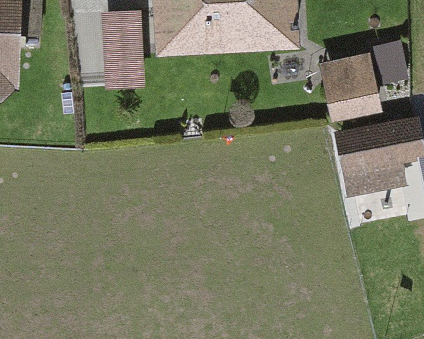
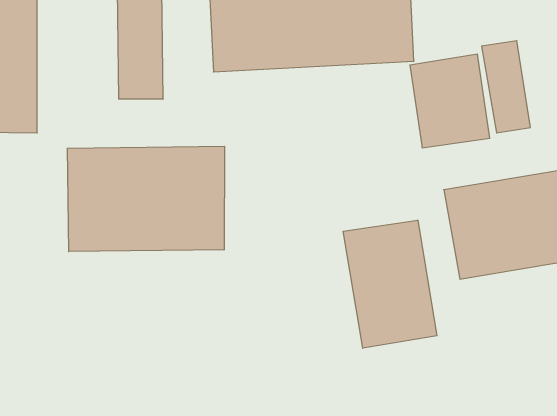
building: none -> [67,146,225,252]
building: none -> [343,220,437,348]

